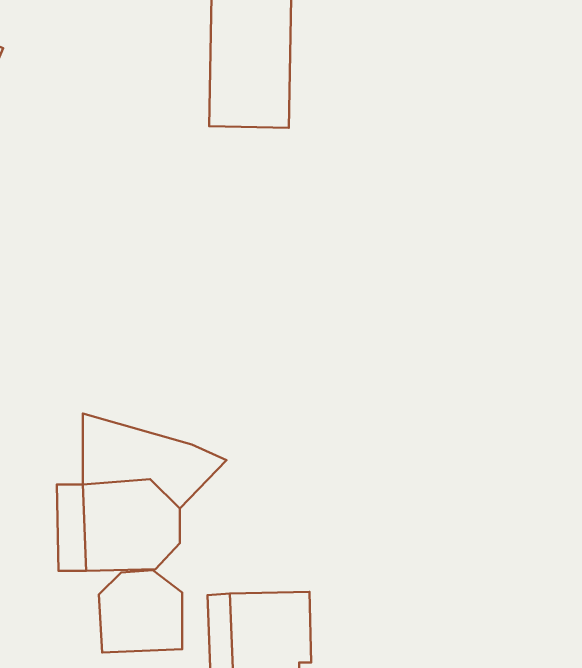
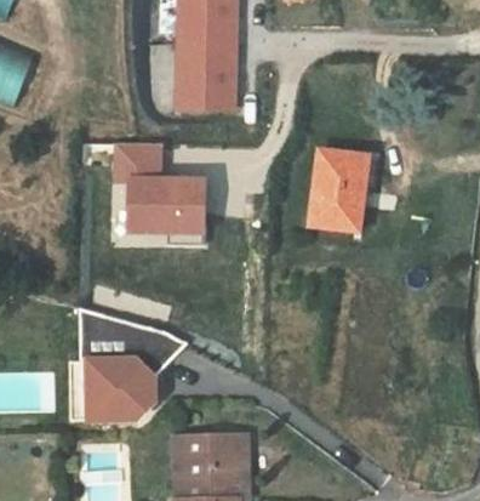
building: none -> [114,143,201,245]
building: none -> [309,150,377,232]
building: [99,570,182,652] -> none

